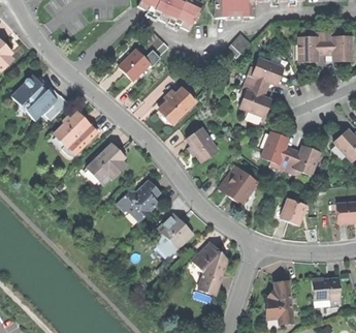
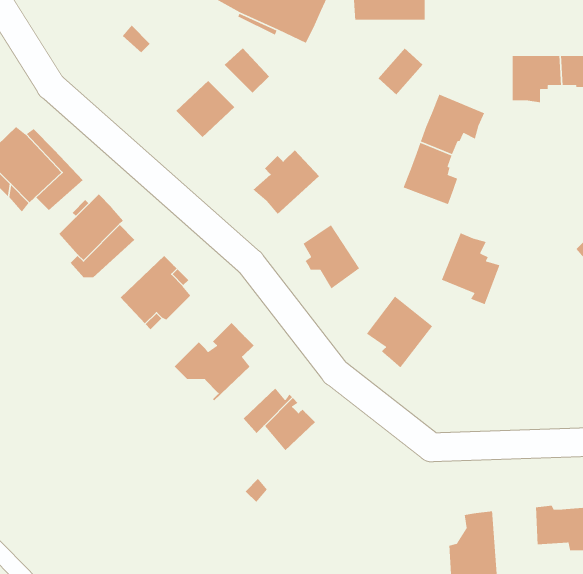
building: [284,147,319,175] -> none
building: [280,199,305,225] -> none
building: [191,242,226,296] -> none

